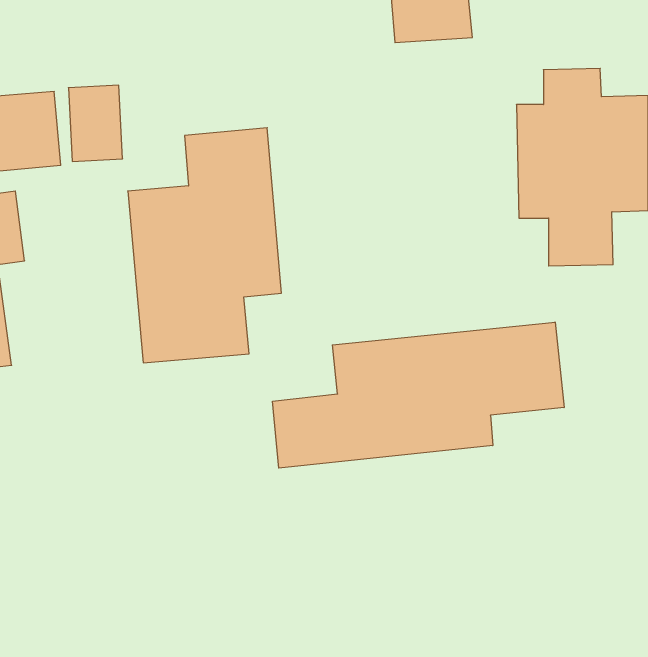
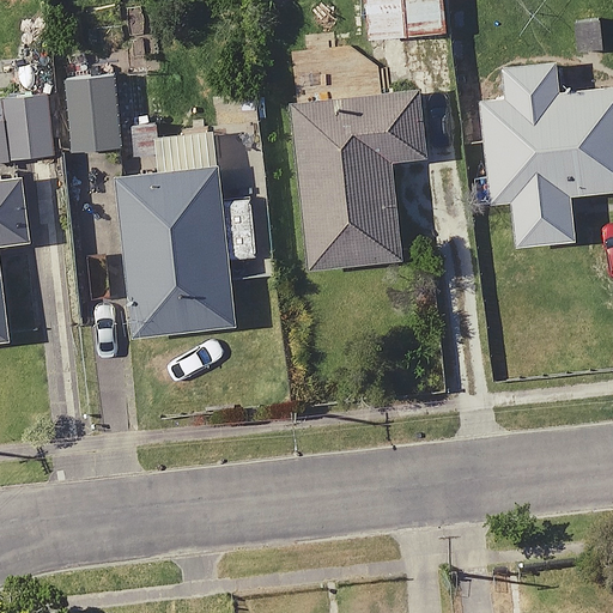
building: none -> [292,78,426,268]
building: [273,322,564,468] -> none

